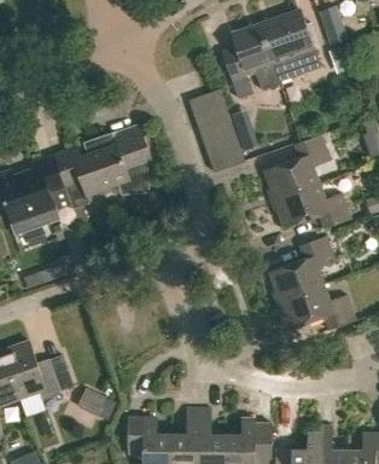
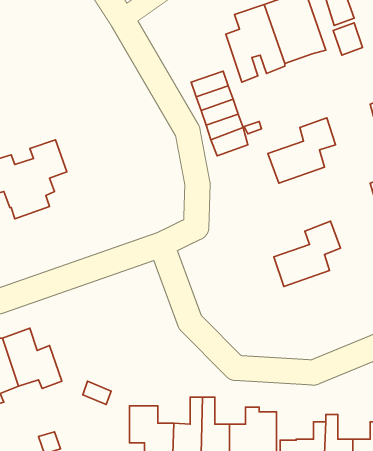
building: [56,124,152,196] -> none
building: [274,182,350,228] -> none
building: [279,284,355,329] -> none

